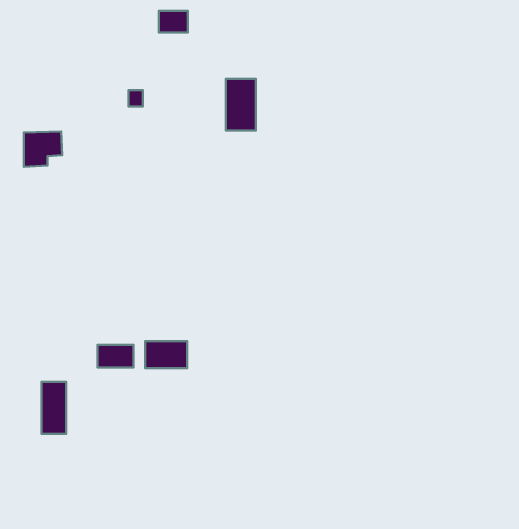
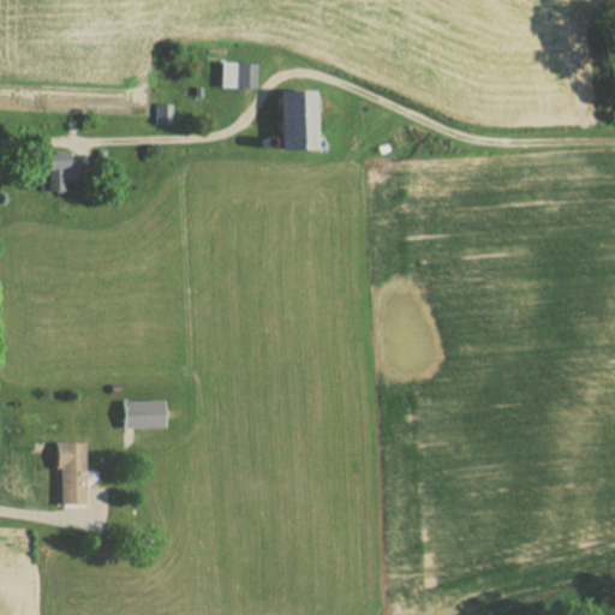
building: [159,11,188,33] -> [223,64,257,89]
building: [145,341,187,368] -> none

